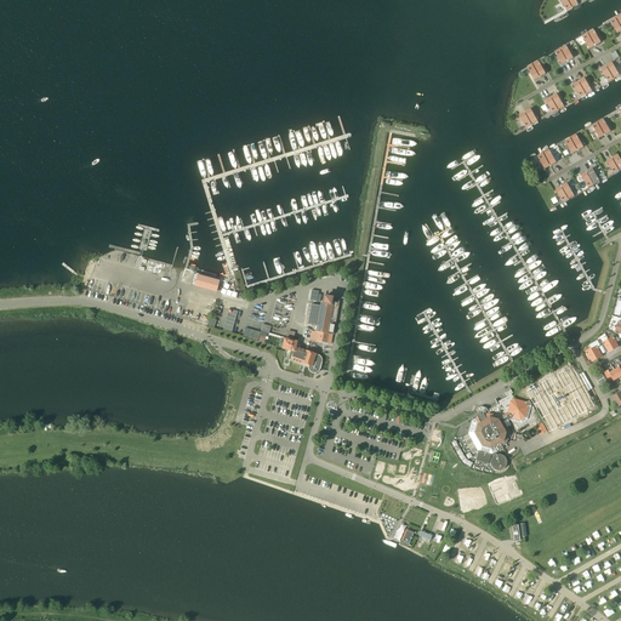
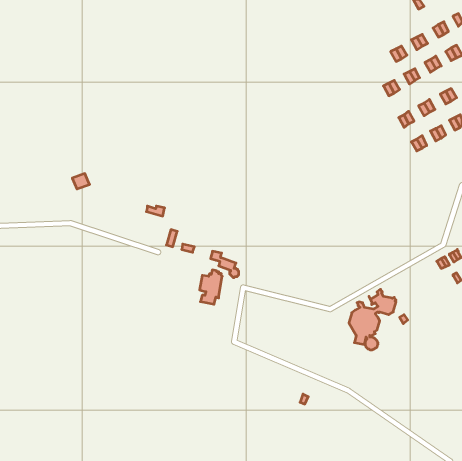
building: [308,296,338,342] -> [200,270,222,304]

